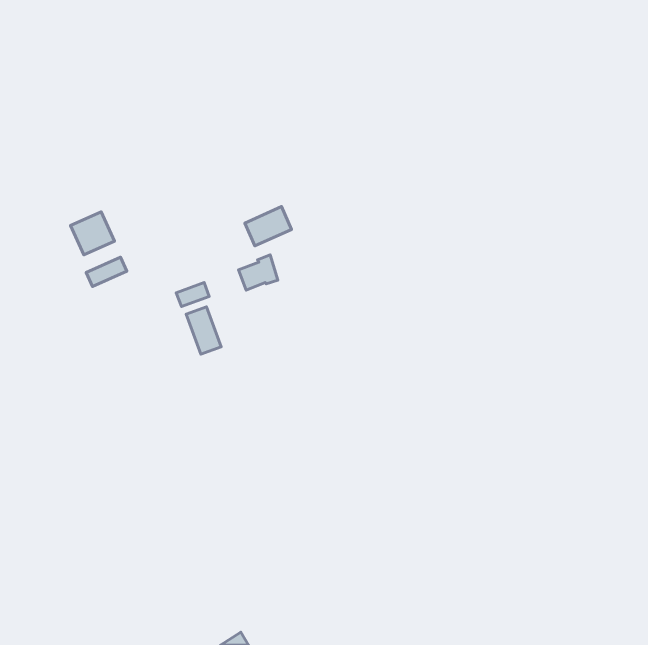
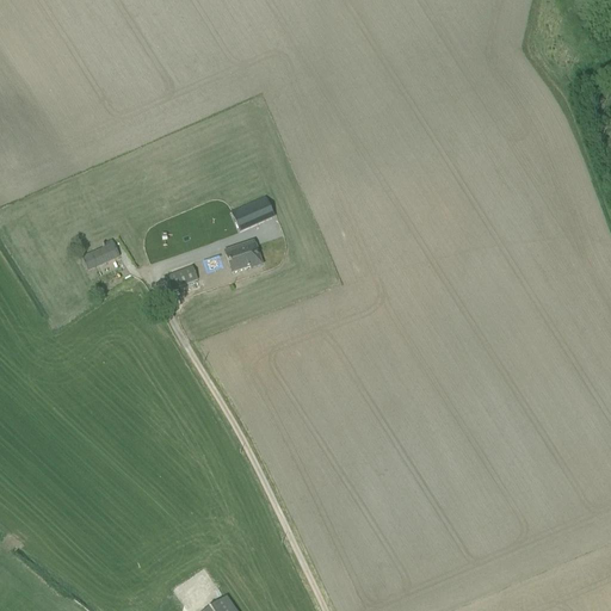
building: [71,212,114,255] -> none
building: [186,307,221,354] -> none

